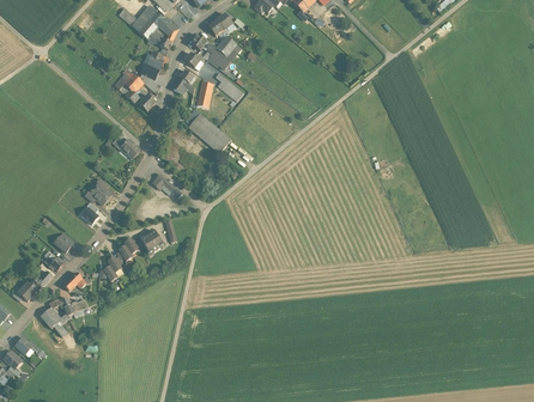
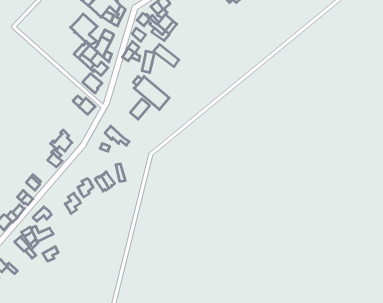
building: none -> [70,14,97,45]

